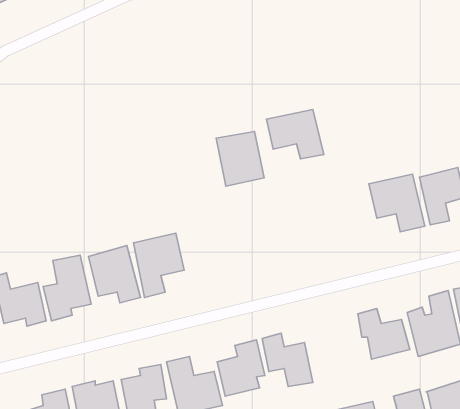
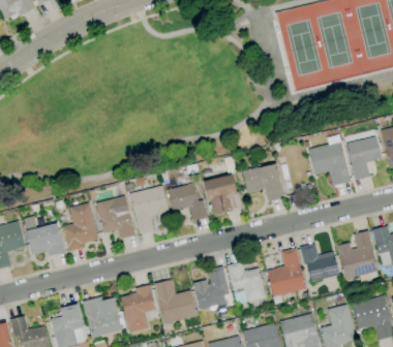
building: [266,109,324,159] -> [242,163,285,200]
building: [216,131,264,186] -> [205,175,241,216]
building: none -> [168,183,208,221]
building: none -> [267,248,306,297]

